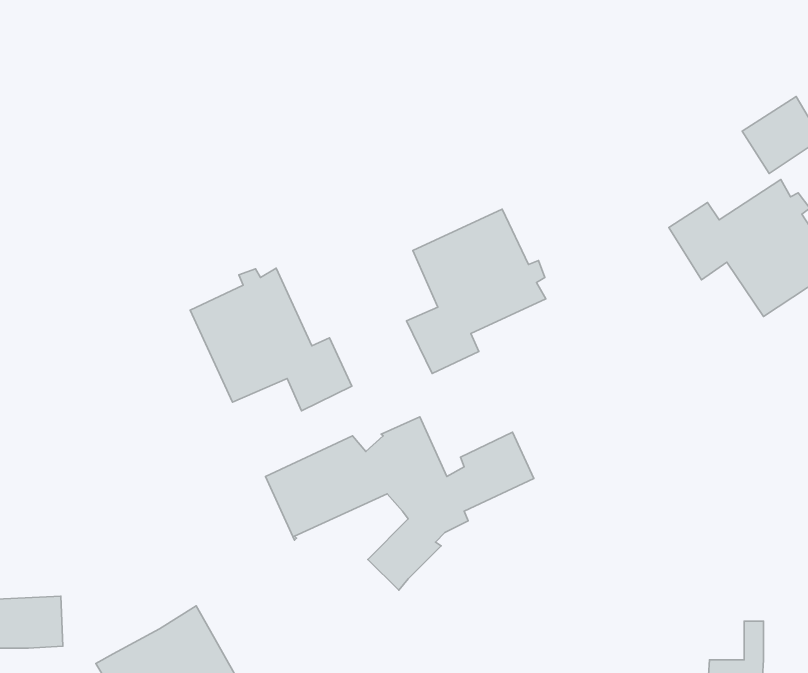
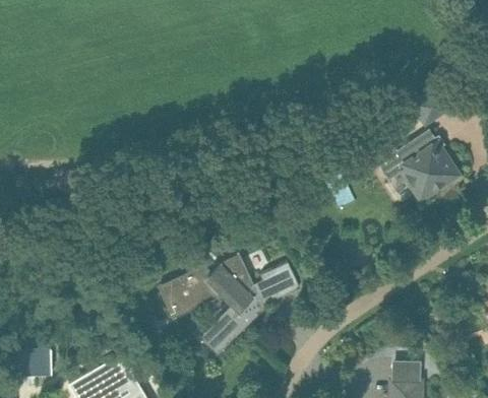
building: [406,209,546,373] -> none
building: [190,268,352,411] -> none

